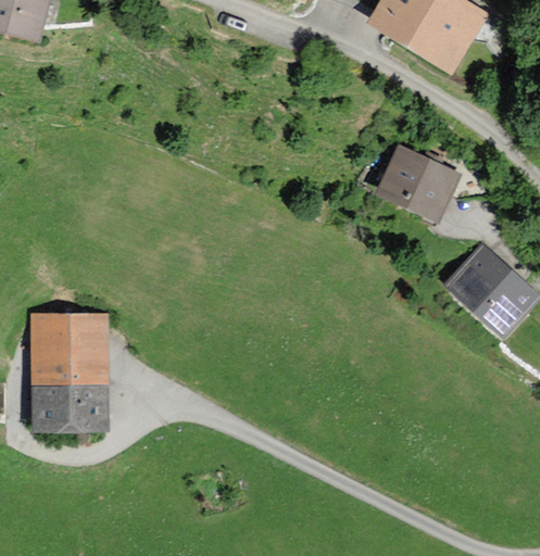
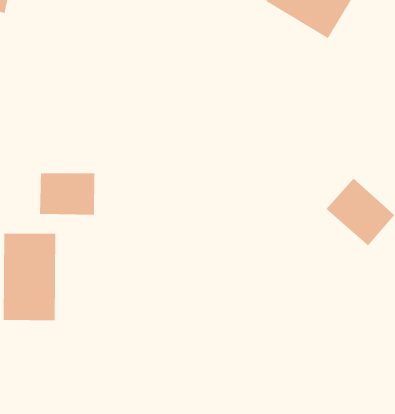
building: [378,149,455,218] -> none
building: none -> [39,173,95,216]

